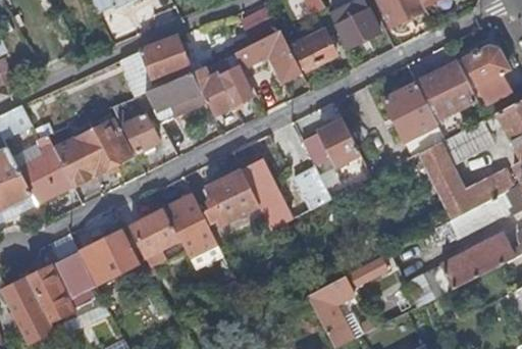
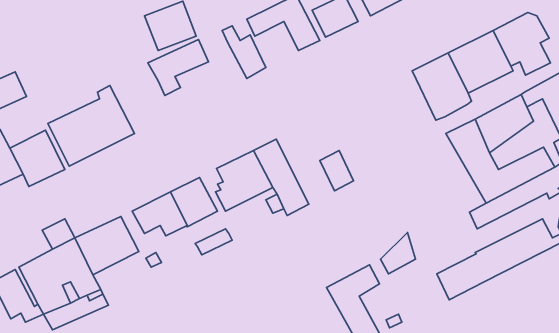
building: [192,64,234,114] -> none
building: [112,91,160,151] -> none
building: [302,118,360,164] -> none

